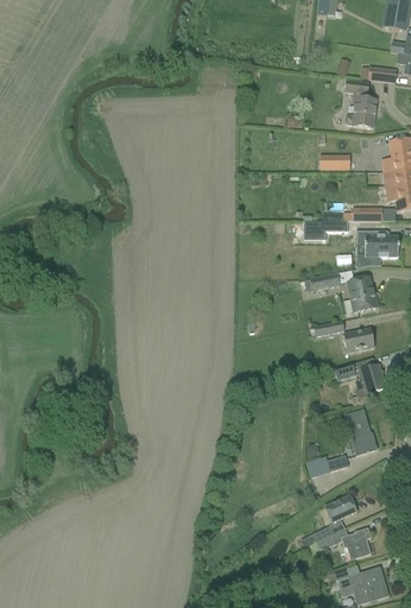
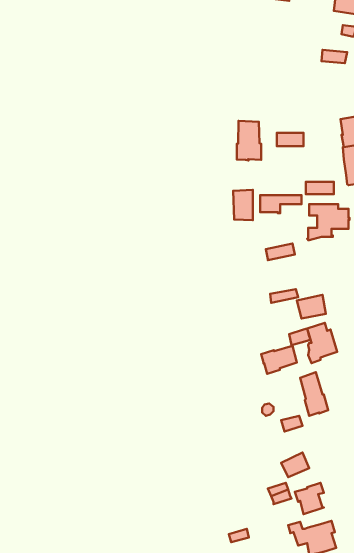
building: [346,80,377,127] -> none
building: none -> [237,121,261,160]
building: none -> [233,190,253,220]
building: [347,276,379,312] -> none
building: none -> [261,346,297,374]

